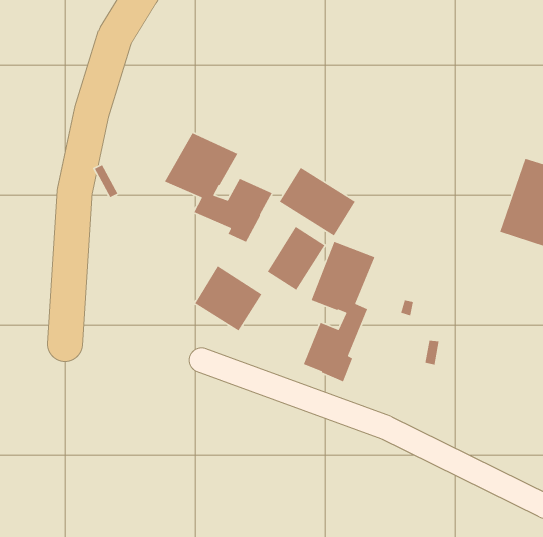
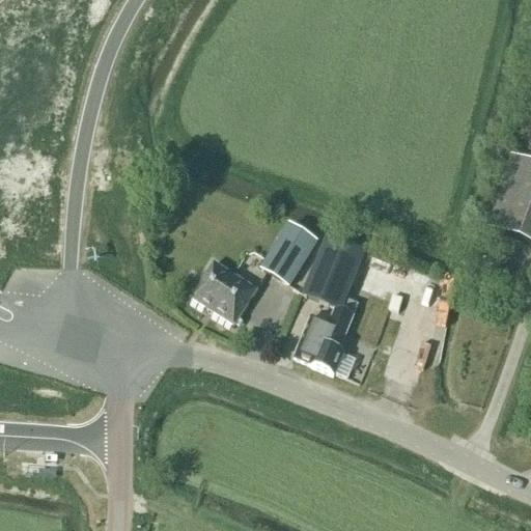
building: [164,132,273,243] -> none
building: [279,167,356,237] -> none

